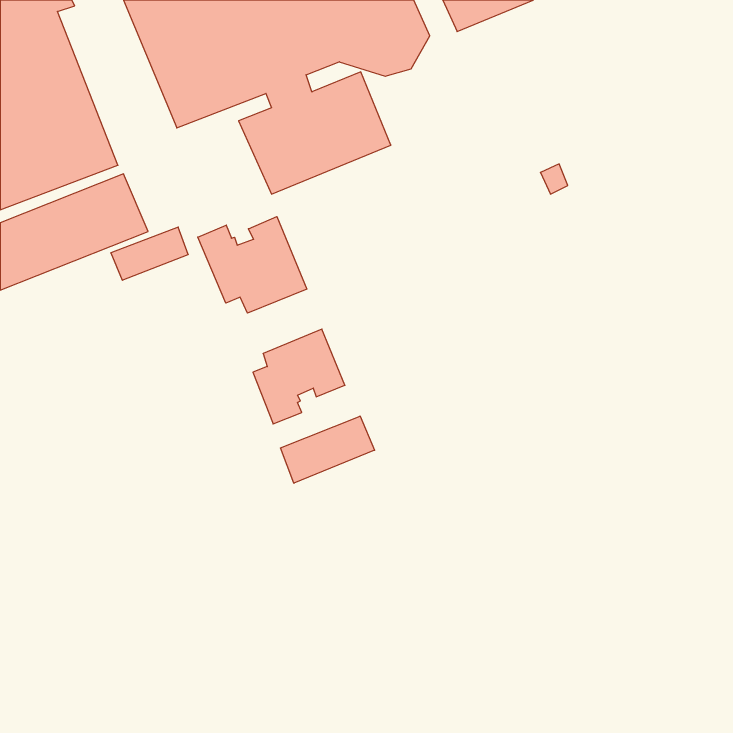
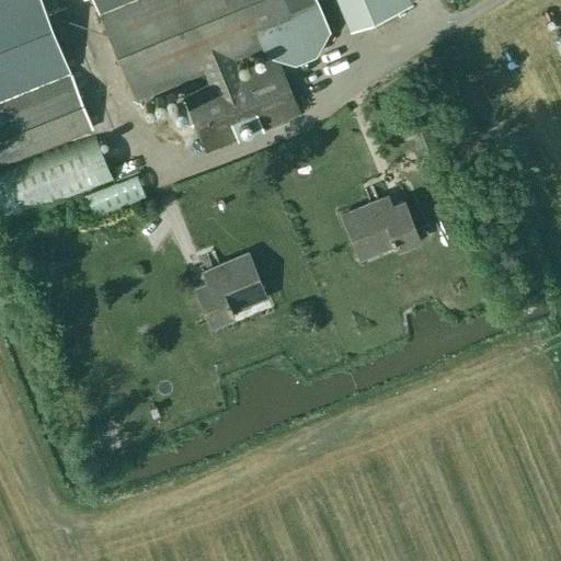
building: [198,217,307,313] -> none
building: none -> [341,197,417,256]
building: [281,416,375,483] -> none

